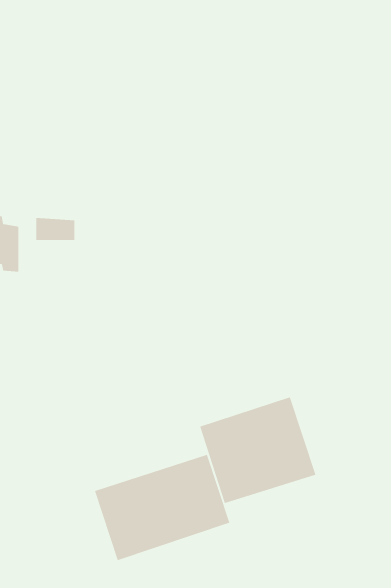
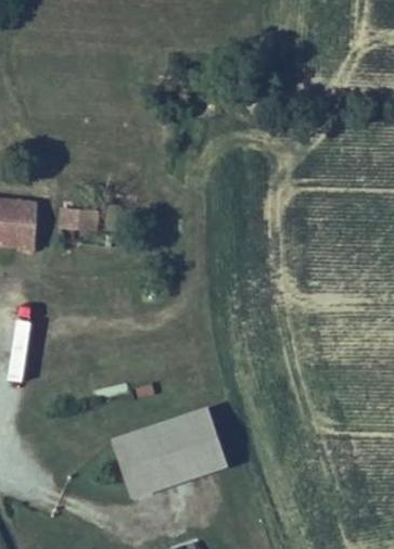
building: [199,396,316,504] -> none

